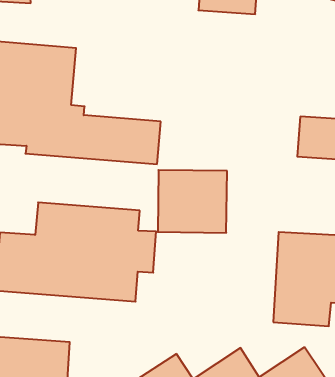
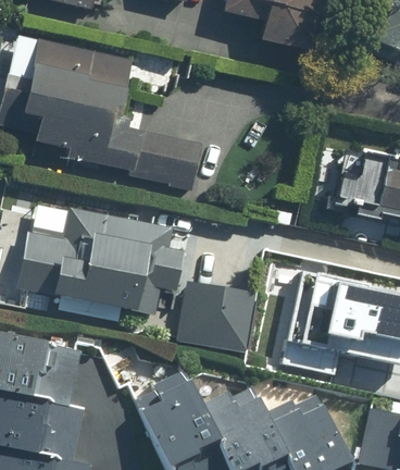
building: [158,170,227,233] -> [178,280,255,351]

